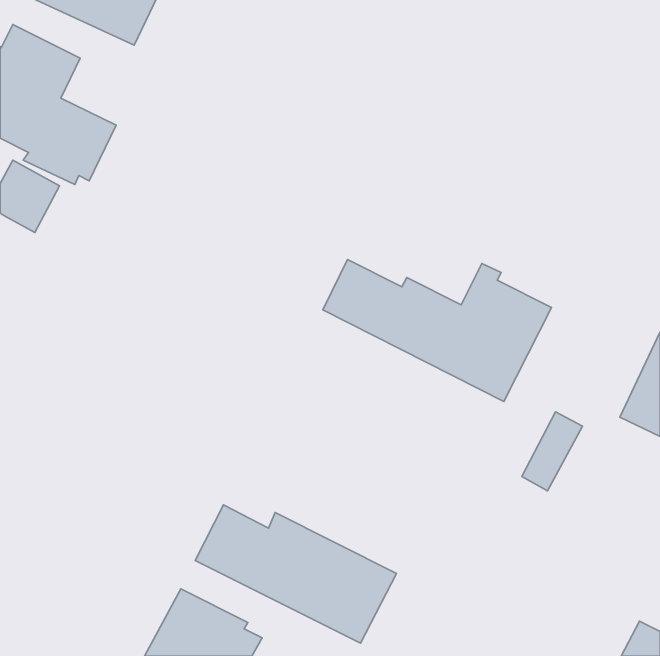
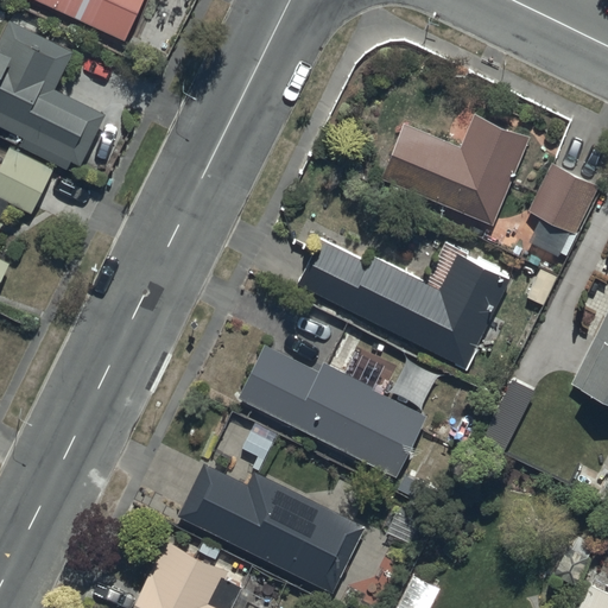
building: none -> [379,115,530,226]
building: none -> [528,163,598,234]
building: none -> [238,346,426,479]

